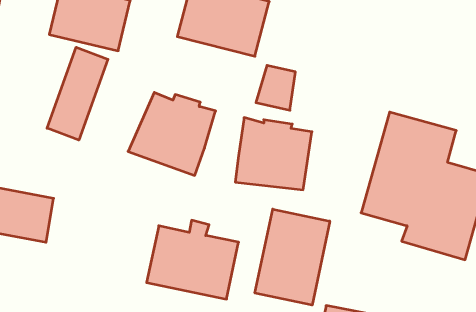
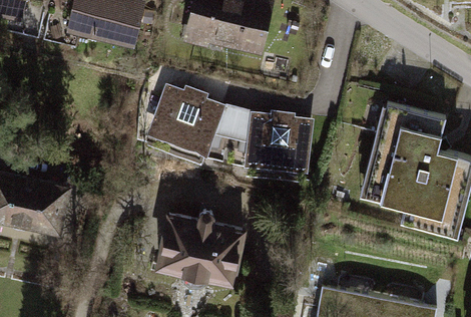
building: [47,47,108,140] -> none
building: [256,65,295,110] -> [213,105,250,146]
building: [255,209,330,305] -> none

